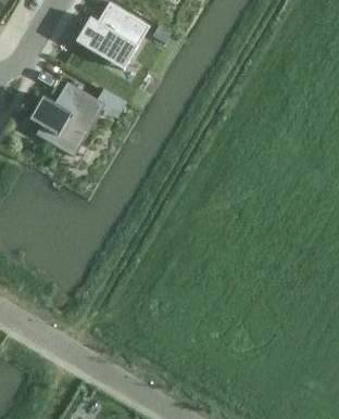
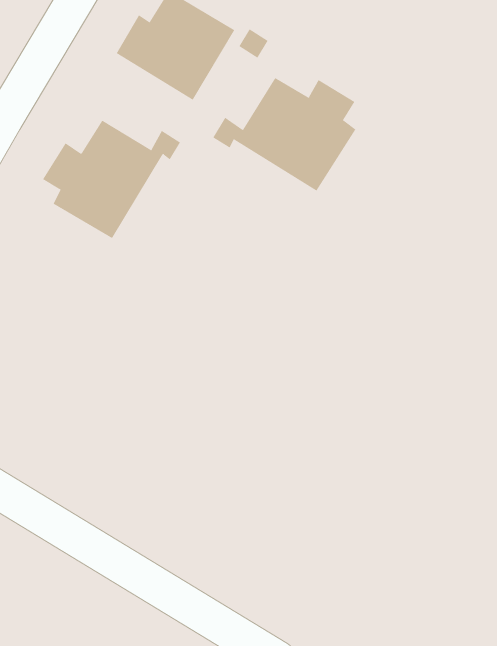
building: none -> [213,77,356,192]

